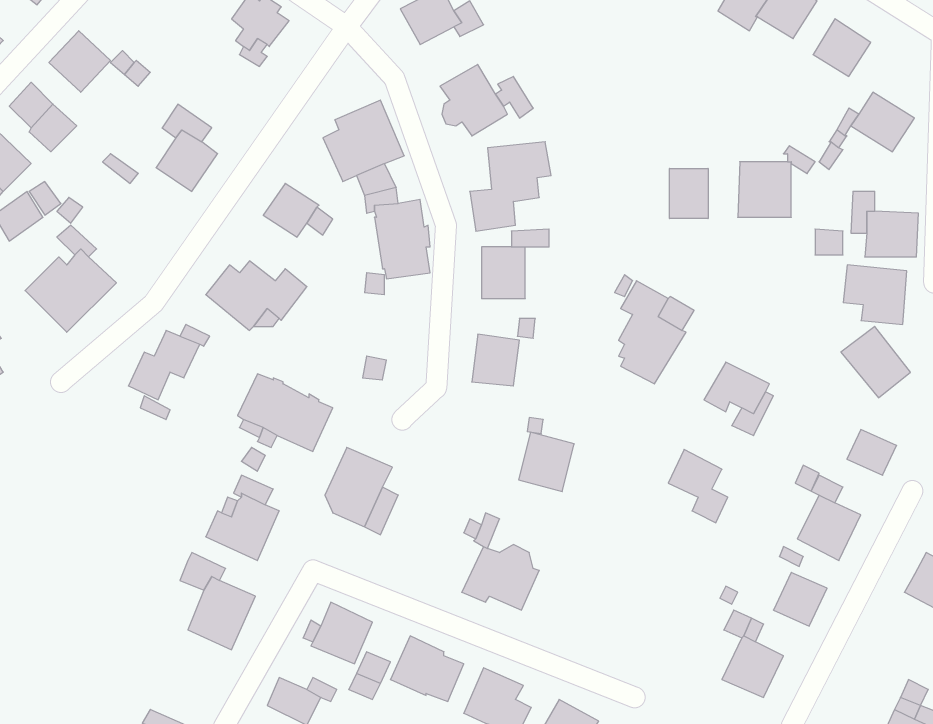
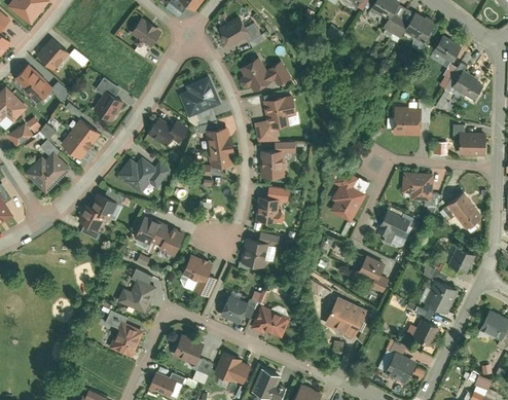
building: [670,168,708,219] -> none
building: none -> [60,118,101,160]
building: [843,265,907,324] -> [401,172,434,203]
building: [519,432,574,492] -> [240,239,268,269]
building: none -> [323,296,368,340]
building: none -> [219,297,248,326]

